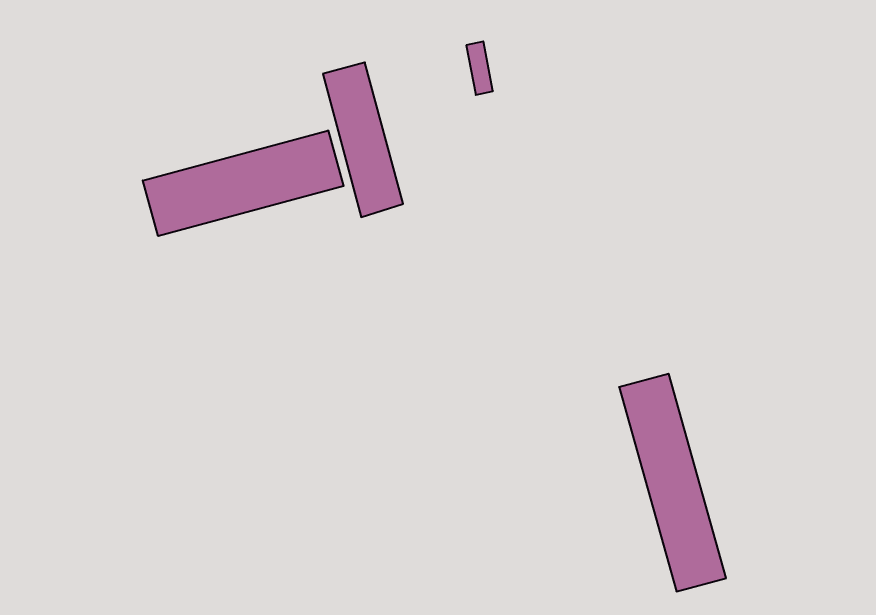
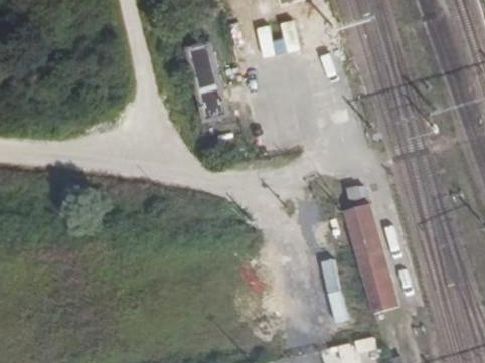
building: [143,130,344,236] -> none

